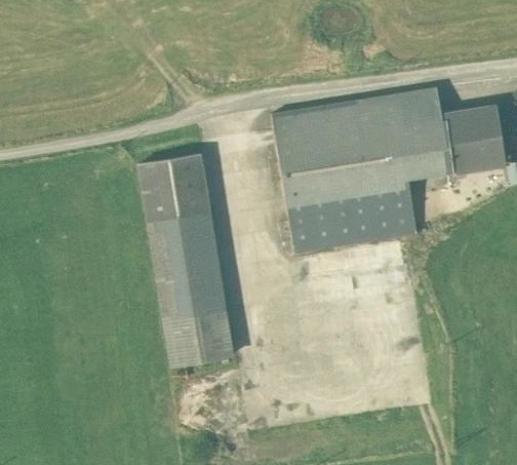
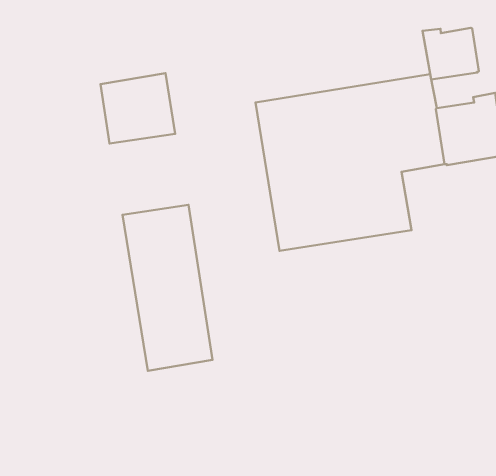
building: none -> [422,28,479,79]
building: [141,153,210,219] -> [101,73,175,144]

